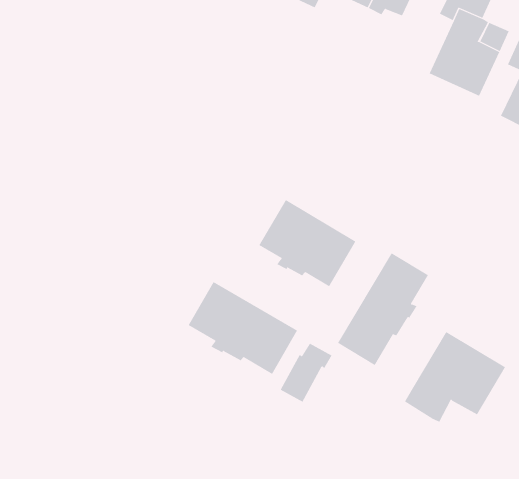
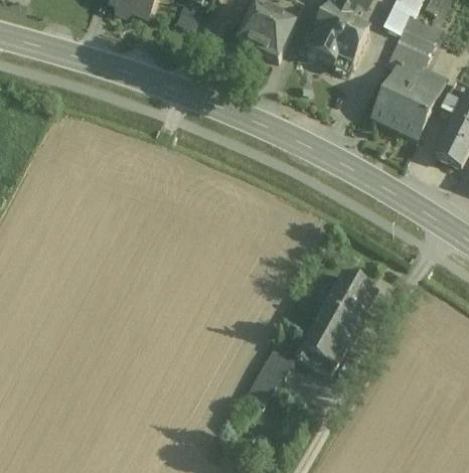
building: [258,199,356,287] -> none
building: [188,281,298,375] -> none
building: [404,331,506,423] -> none

